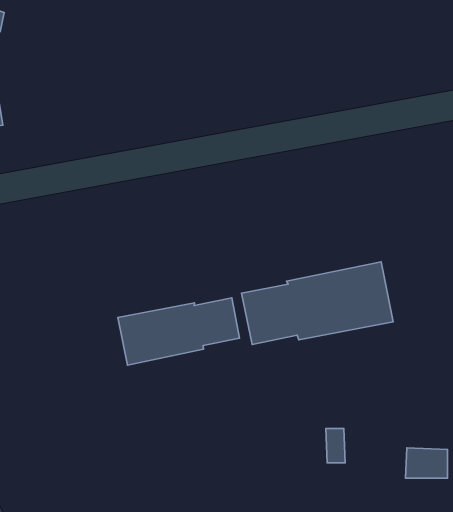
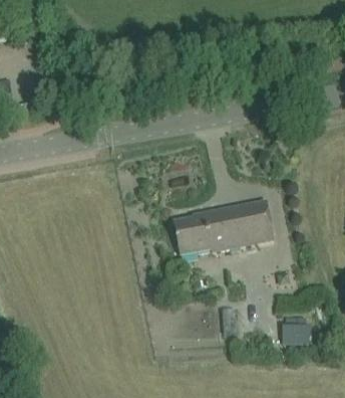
building: [118,298,240,365] -> none

